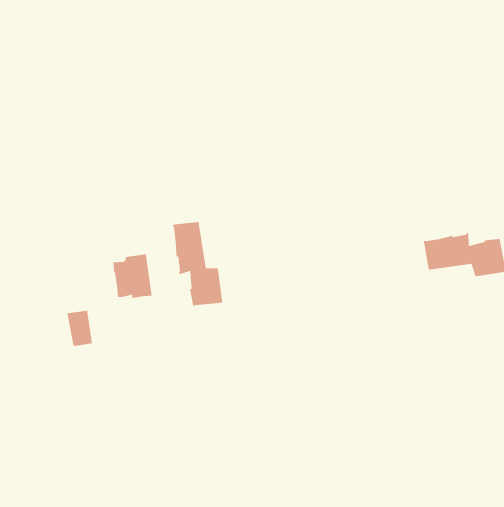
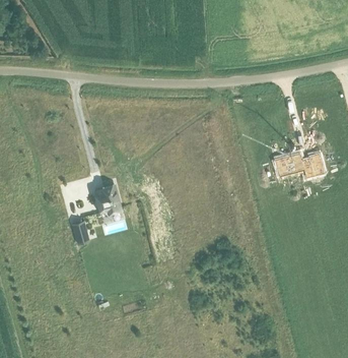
building: [172,221,223,306] -> none

